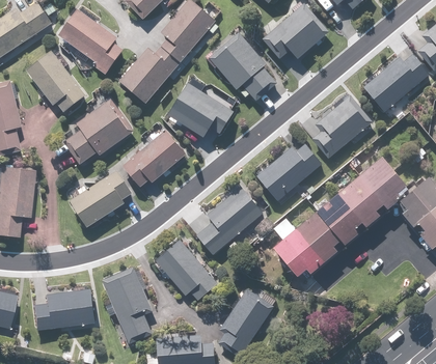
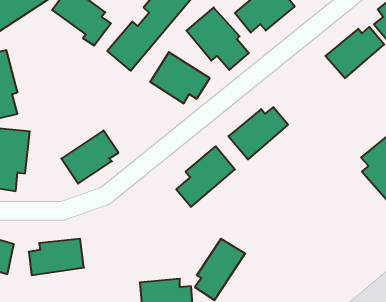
building: [27,50,87,112] -> none
building: [311,96,371,159] -> none
building: [63,99,135,165] -> none
building: [124,130,187,187] -> none
building: [275,156,409,275] -> none
building: [157,240,217,300] -> none
building: [103,265,153,343] -> none

